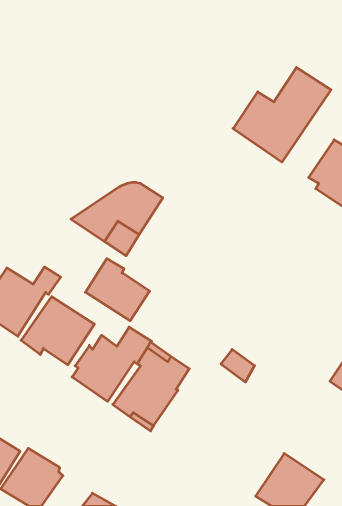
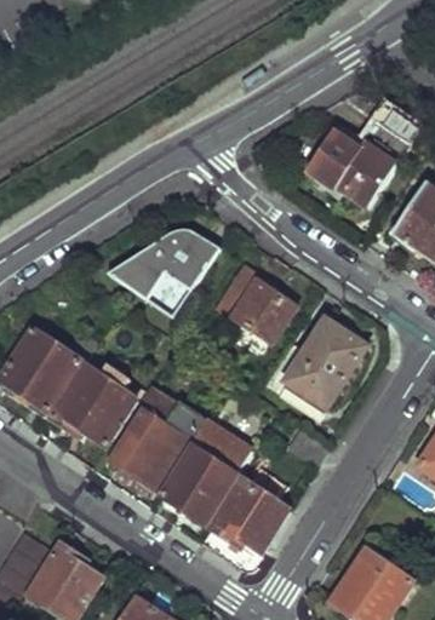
building: none -> [264,320,367,408]
building: [85,259,150,321] -> [217,268,293,341]
building: none -> [212,482,288,556]

